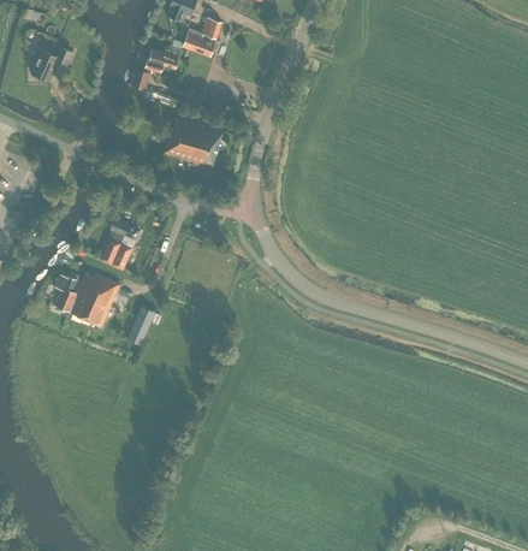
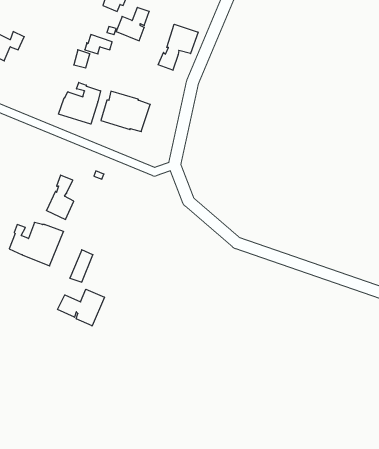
building: none -> [158,24,198,70]
building: none -> [58,82,101,124]
building: none -> [58,289,104,326]

